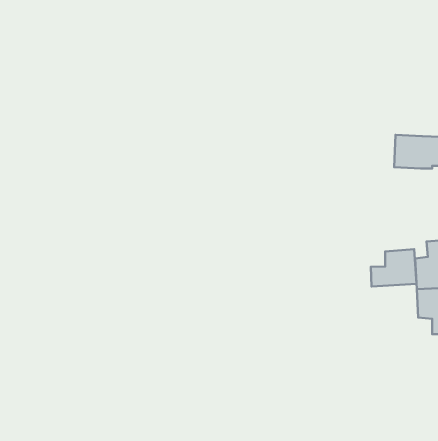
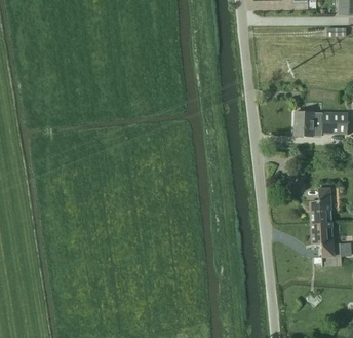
building: [371,249,416,287] -> none

